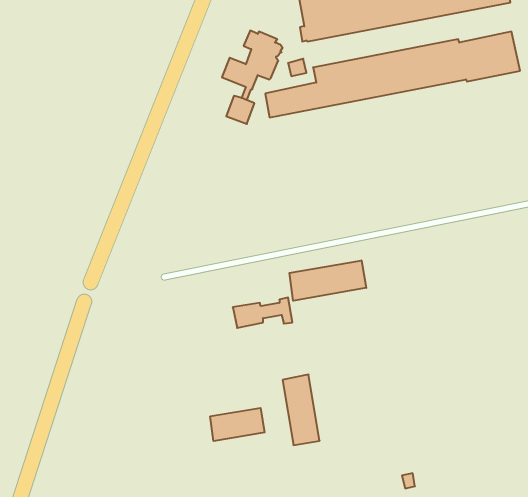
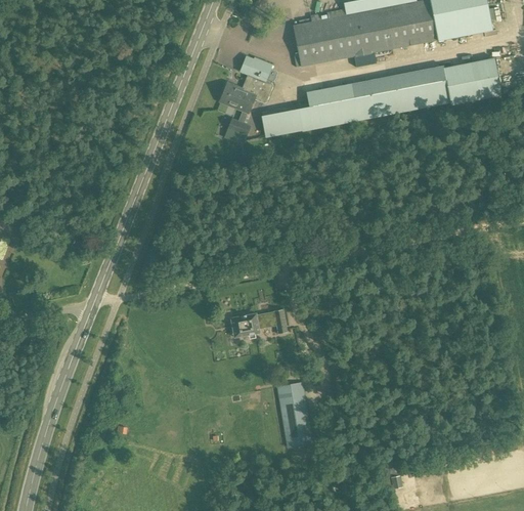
building: [289,260,366,301] -> none
building: [210,408,265,441] -> none

